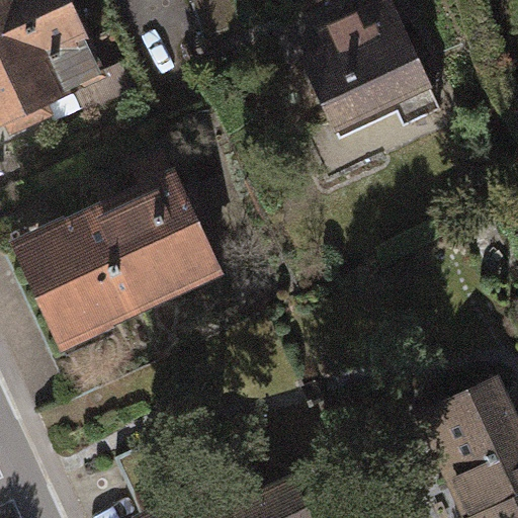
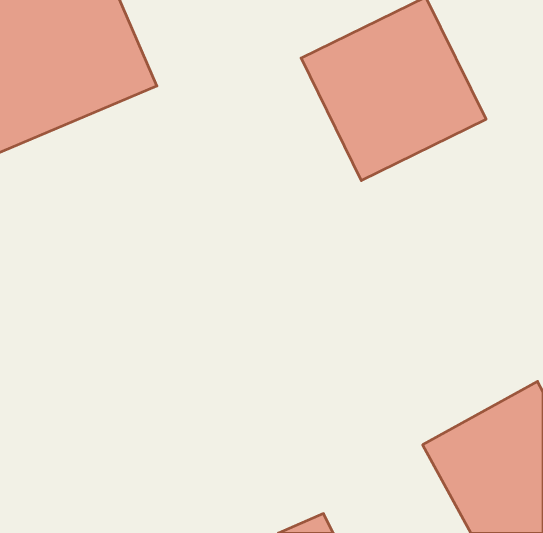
building: [4,172,226,343] -> none

